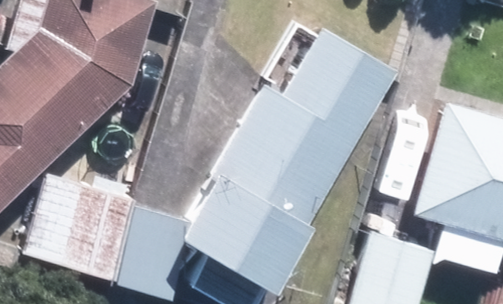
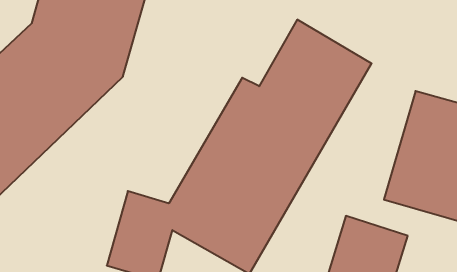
building: [26,179,134,281] -> none

